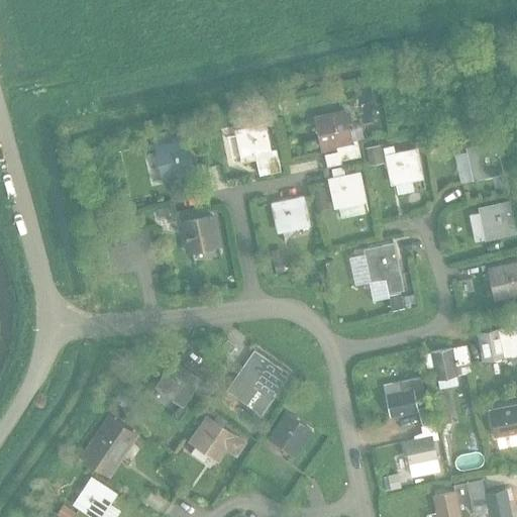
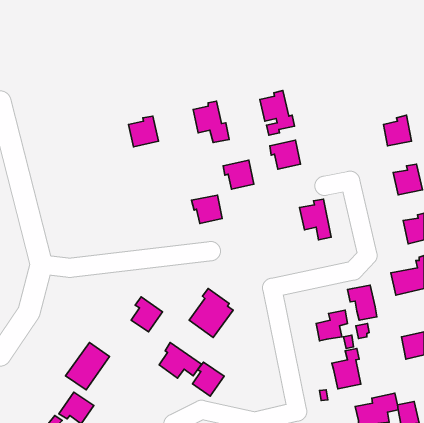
building: [385,147,422,183] -> none
building: [181,216,218,250] -> [192,195,222,223]
building: [272,414,310,455] -> [193,362,224,396]

